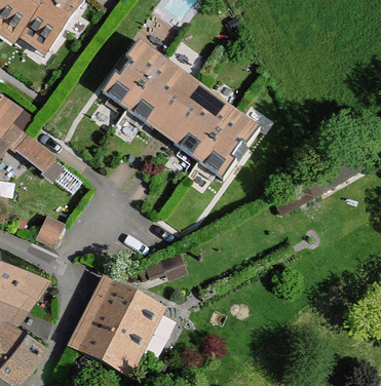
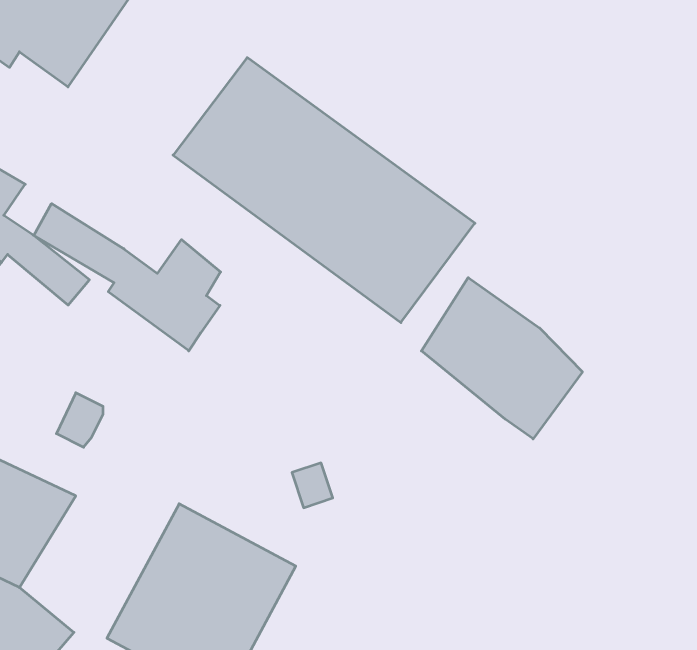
building: none -> [34,204,221,351]
building: none -> [421,278,582,439]

